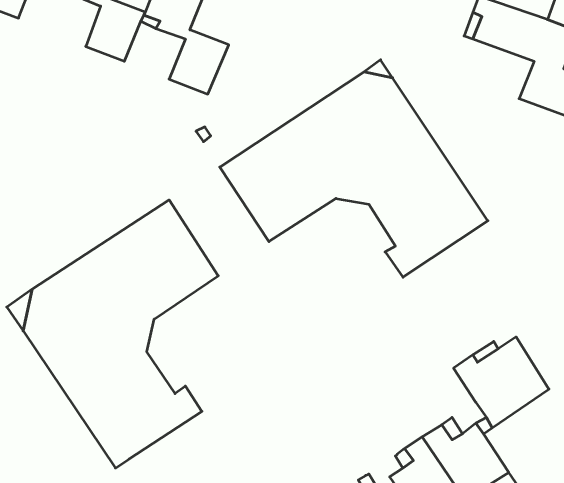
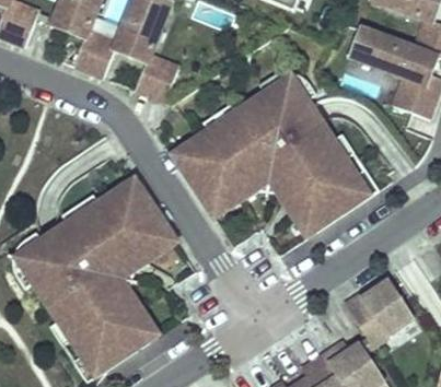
building: none -> [207,177,300,218]
building: none -> [117,234,176,320]

